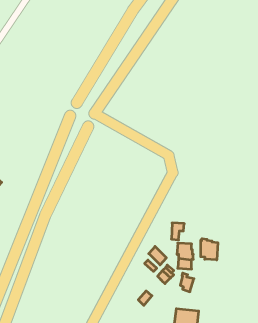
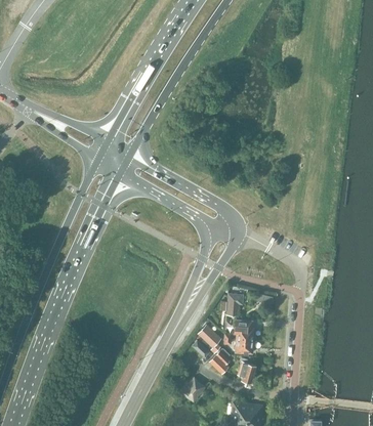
building: [201,239,218,260] -> none

